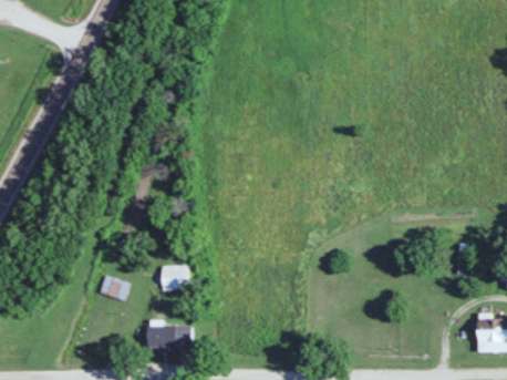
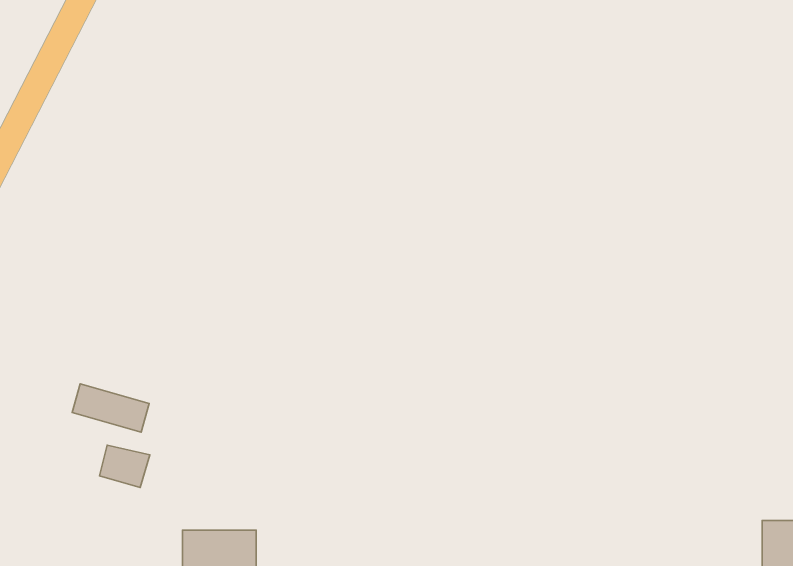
building: none -> [72,384,149,432]
building: [161,266,188,289] -> none

